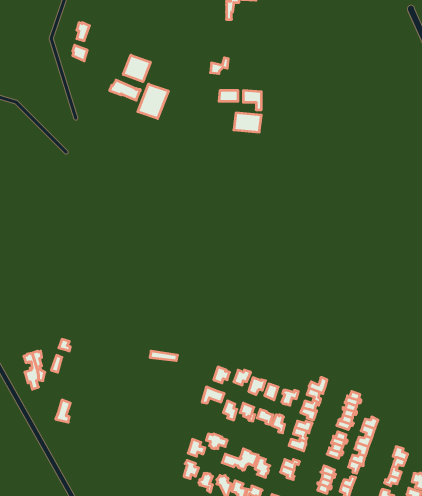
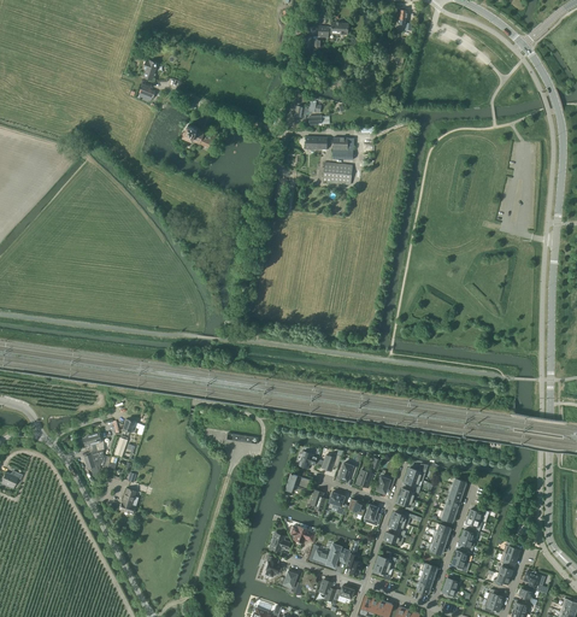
building: [123,55,150,82] -> none
building: [138,84,168,119] -> none

